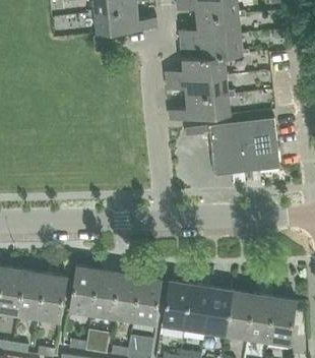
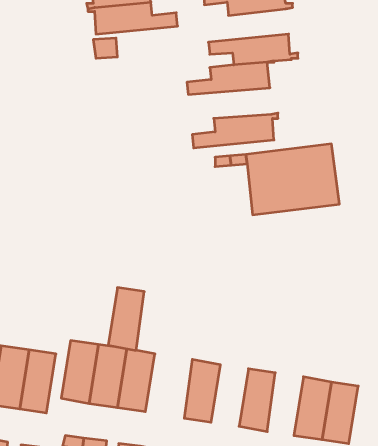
building: [179,14,245,41] -> none
building: [165,75,234,99] -> none
building: [132,278,160,325] -> [108,288,144,350]
building: [182,286,210,333] -> none
building: [225,292,252,340] -> none

